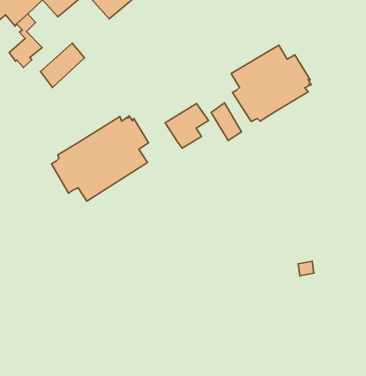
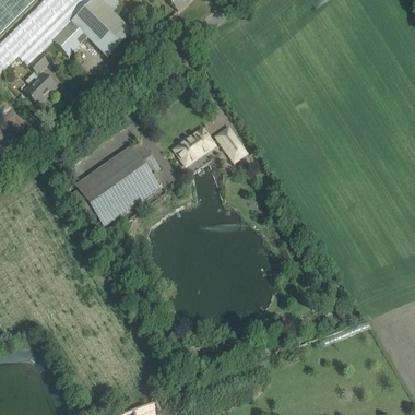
building: [40,43,85,87] -> none
building: [231,45,311,122] -> none

